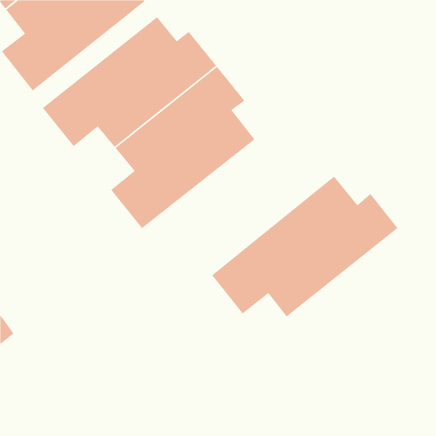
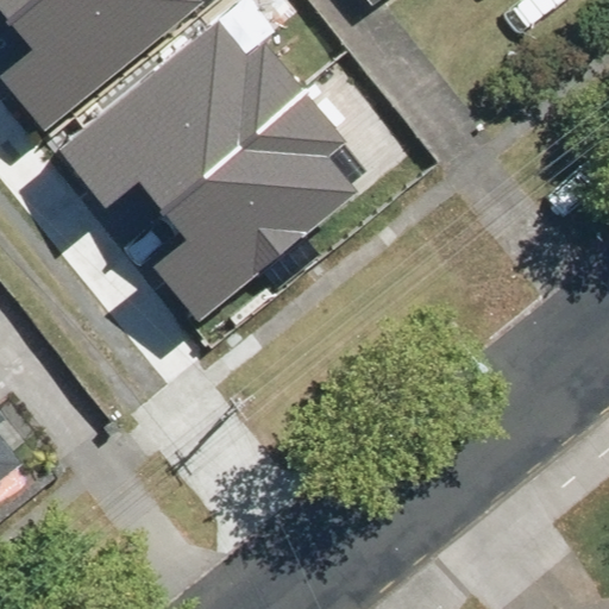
building: [211,176,398,318] -> none

